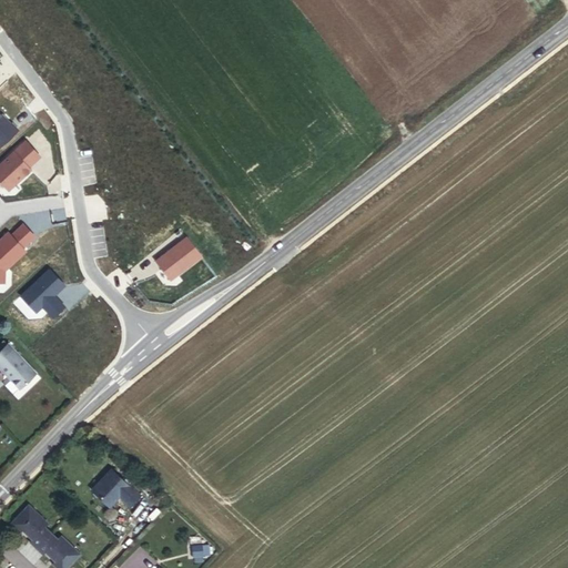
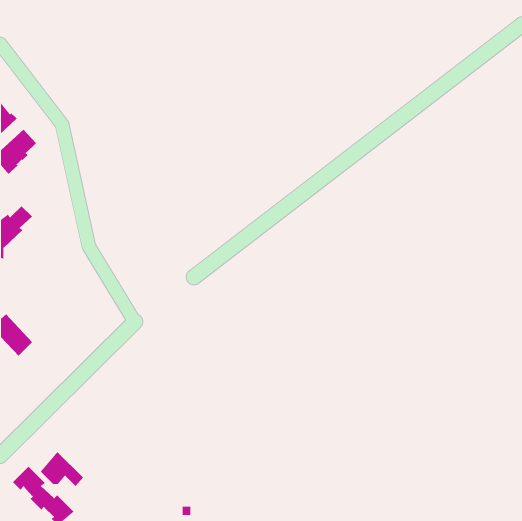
building: [155,237,201,281] -> none
building: [21,270,64,317] -> none
building: [93,469,141,508] -> [40,451,84,487]

